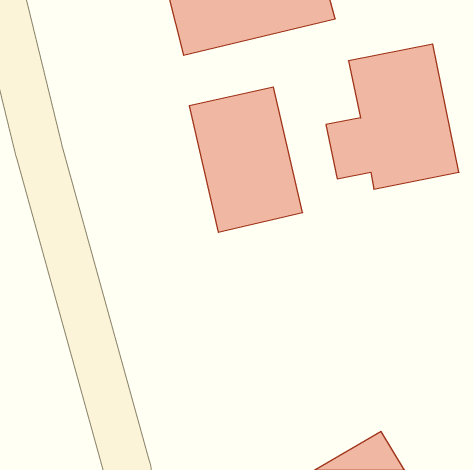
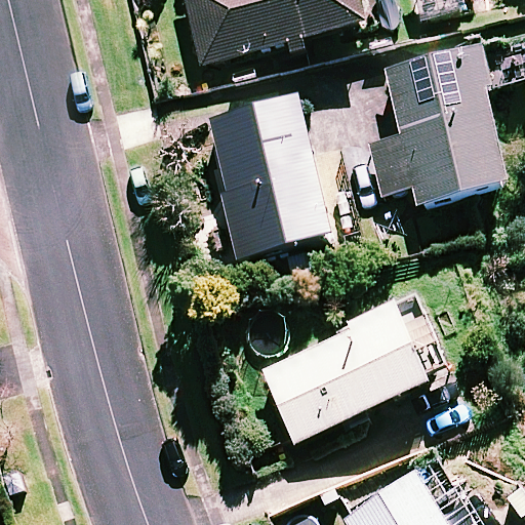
building: none -> [264,301,430,439]

